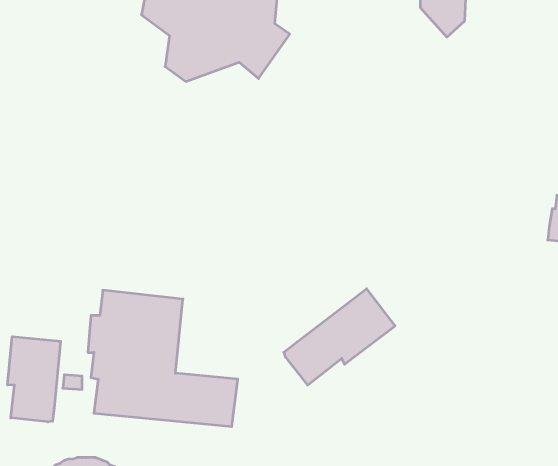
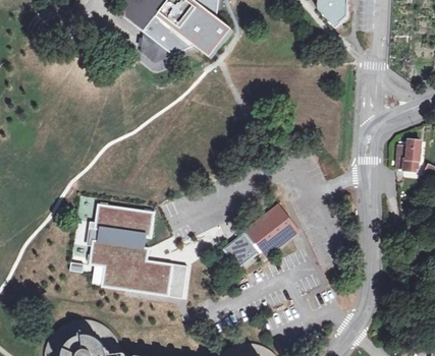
building: [8,337,61,422] -> none

